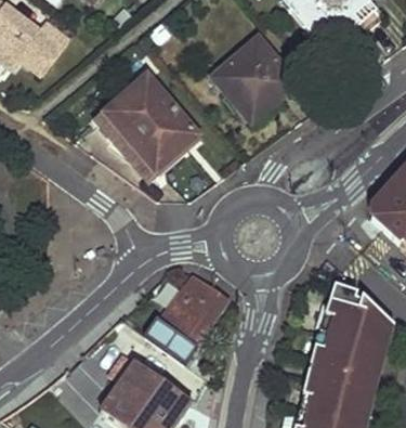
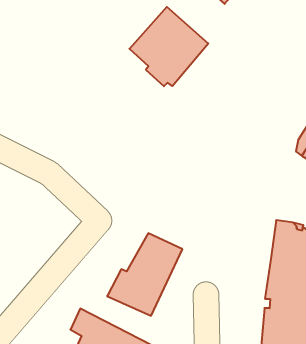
building: [89,74,193,168] -> none

